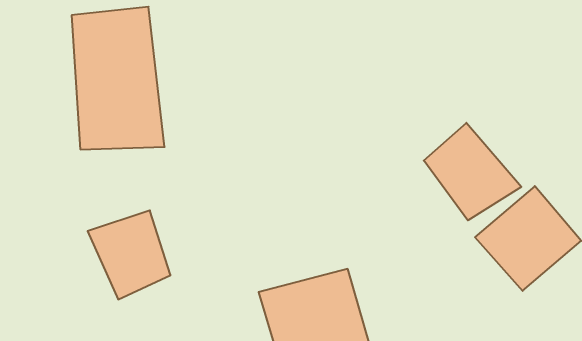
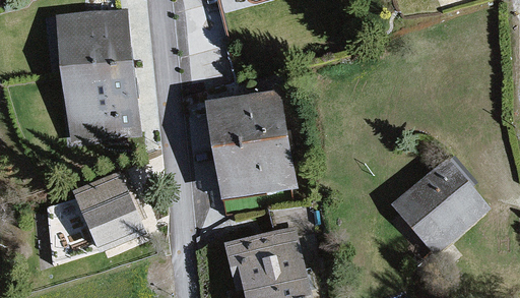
building: none -> [206,88,301,202]
building: [424,123,521,220] -> none

